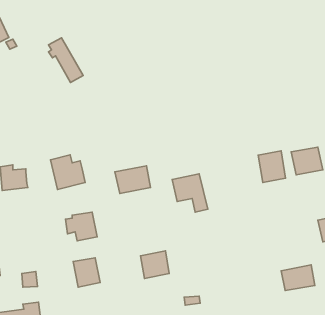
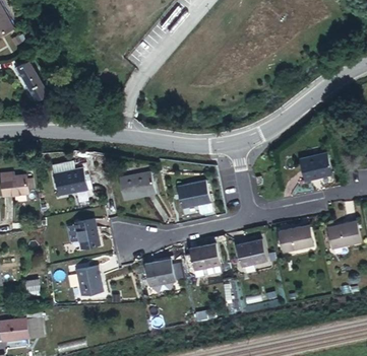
building: [49,38,83,82] -> [11,56,47,101]
building: [258,151,286,182] -> none
building: none -> [236,239,266,268]
building: none -> [189,243,221,271]
building: [281,265,315,290] -> [279,225,313,252]

